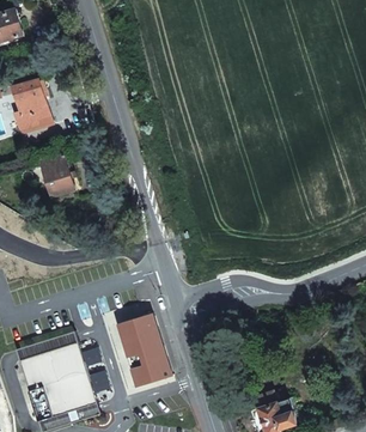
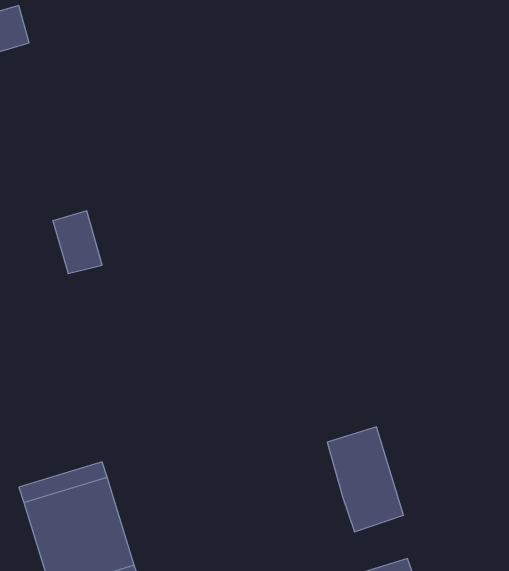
building: [14,80,51,134] -> none
building: [118,312,172,387] -> [327,427,404,532]

